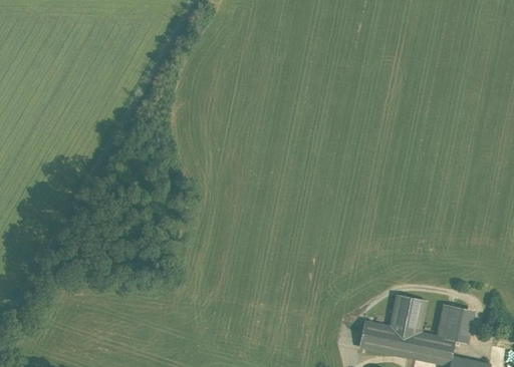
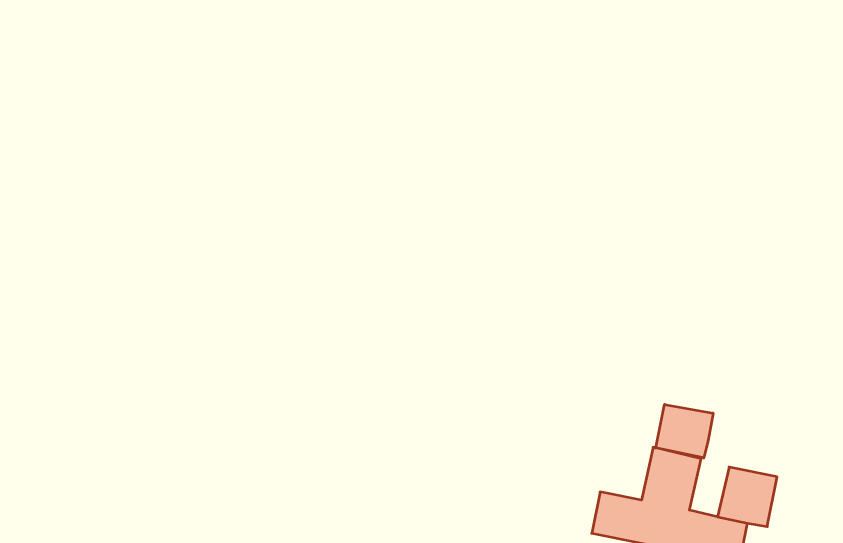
building: none -> [656,404,713,458]

